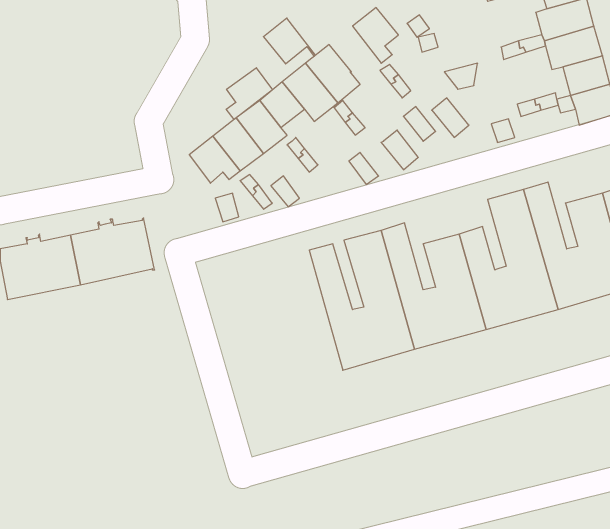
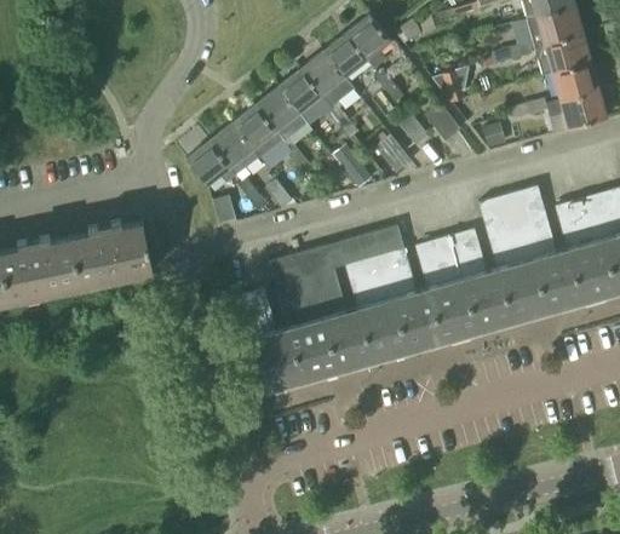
building: [263,18,315,64] -> [323,33,374,77]
building: [226,68,273,119] -> none
building: none -> [240,252,337,389]

